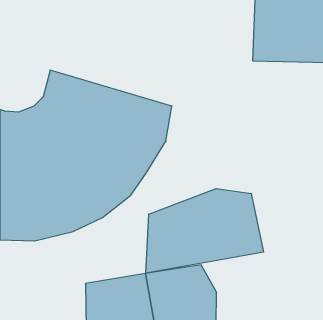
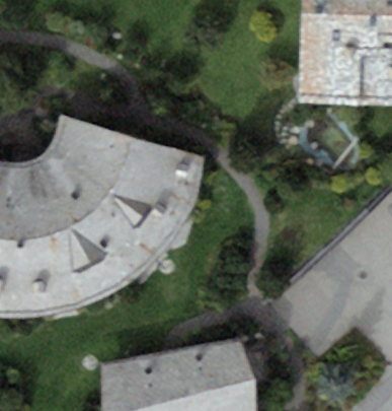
building: [146,189,263,273] -> none

